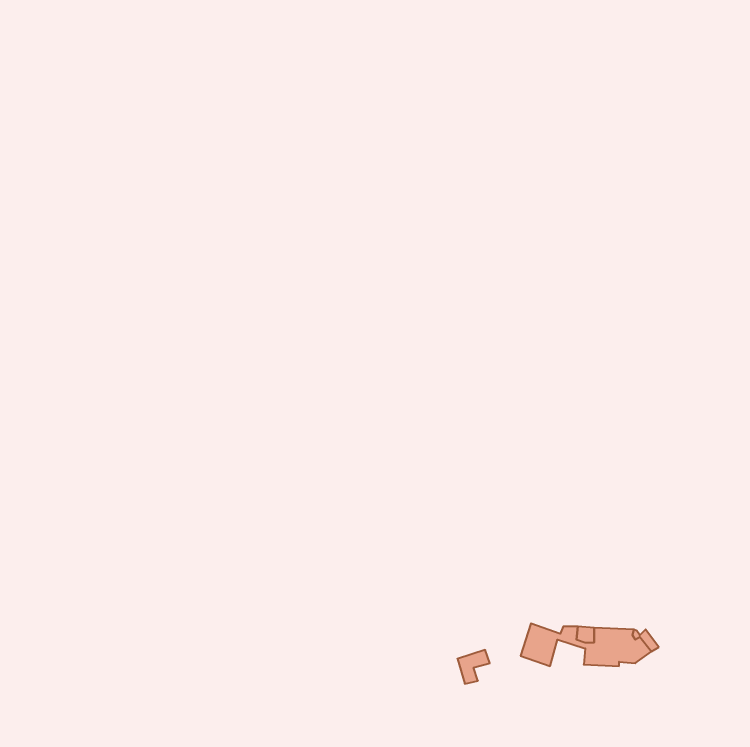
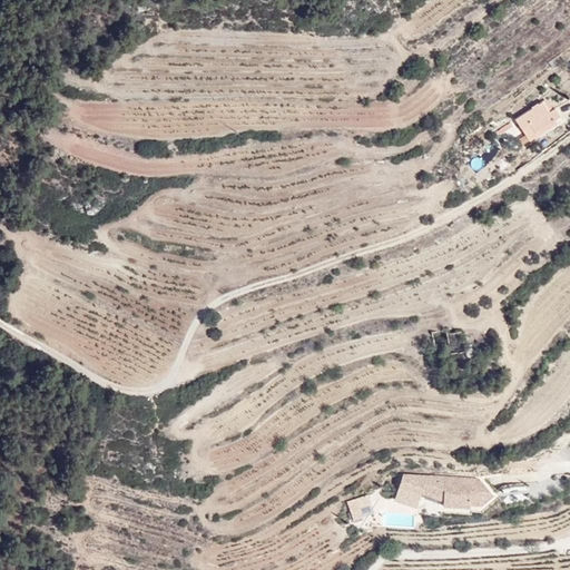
building: none -> [515,95,560,144]

